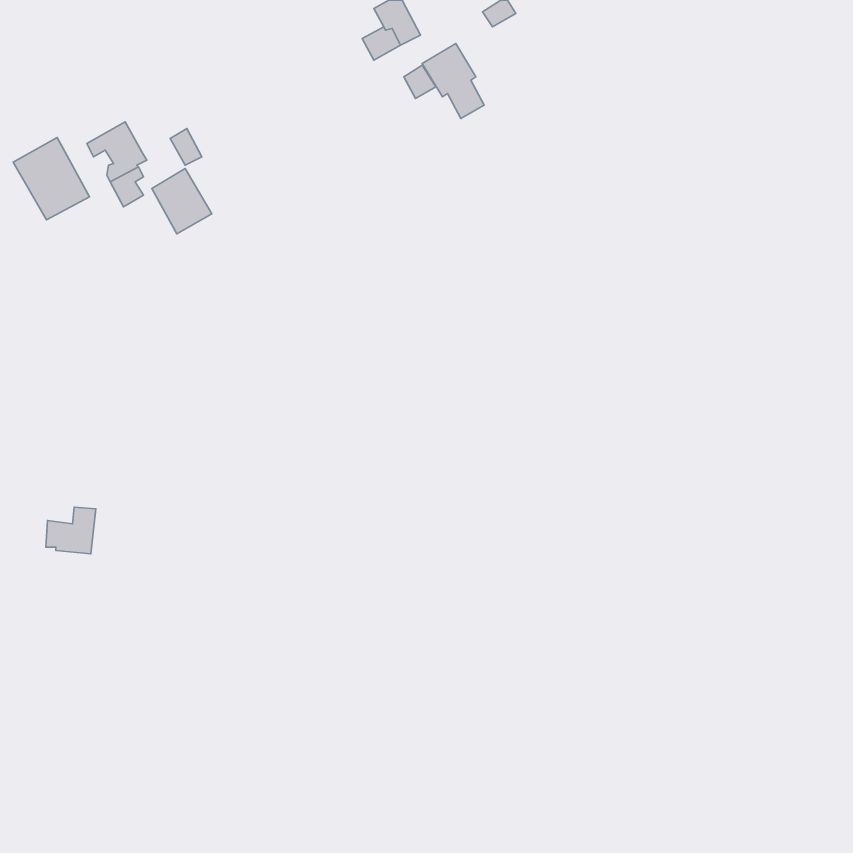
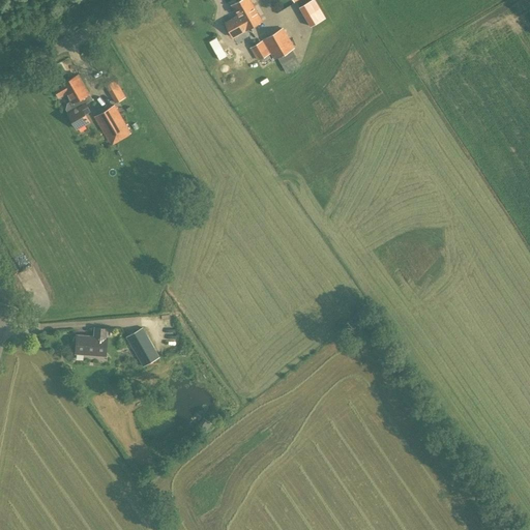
building: [13,138,89,220] -> none
building: [46,507,96,554] -> [77,327,108,356]
building: none -> [125,327,159,366]

